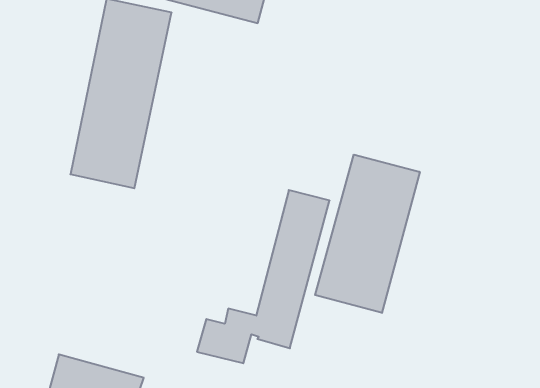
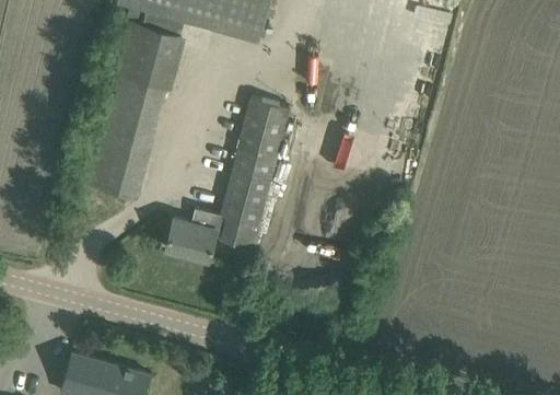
building: [315,155,420,313] -> none
building: [197,190,330,363] -> [166,98,291,262]

